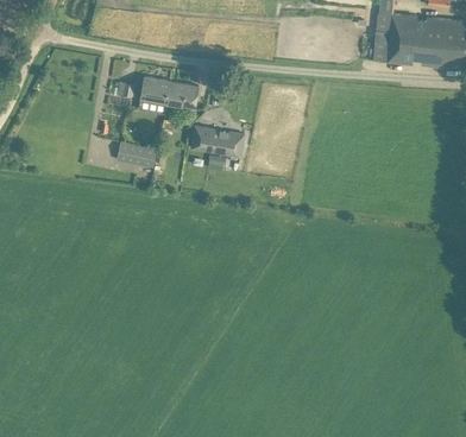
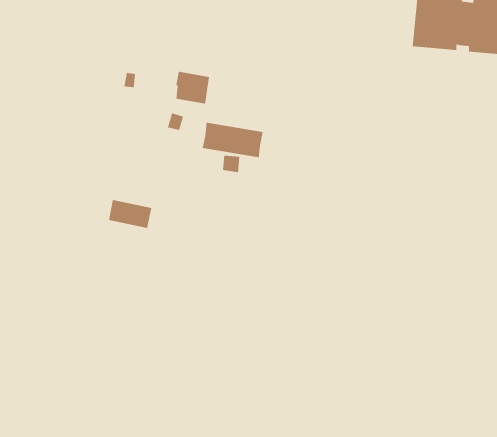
building: [138,76,169,104] -> none
building: [115,141,153,166] -> [108,200,152,228]

